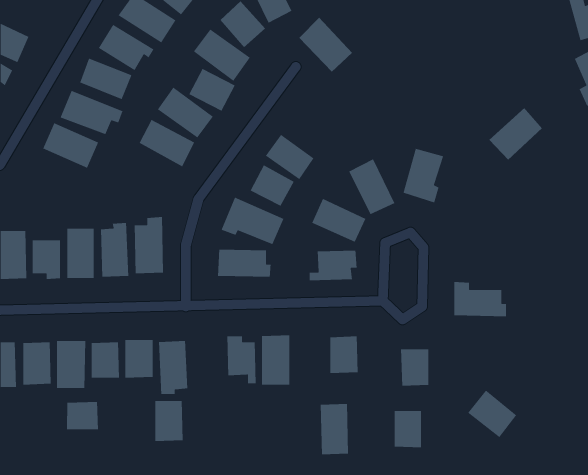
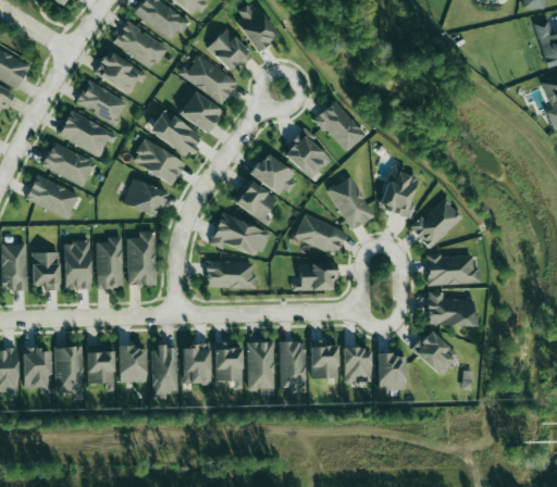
building: [298,17,353,73] -> [314,100,366,152]
building: [489,107,543,161] -> [410,198,461,248]
building: none -> [283,128,330,179]
building: none -> [25,175,78,217]
building: none -> [123,178,168,215]
building: none -> [425,254,480,285]
building: [467,390,517,438] -> [411,329,458,375]
building: [155,400,184,442] -> [183,345,210,384]
building: [66,401,99,430] -> none
building: [320,403,349,455] -> [278,341,306,390]
building: [394,410,422,448] -> [344,348,370,384]

